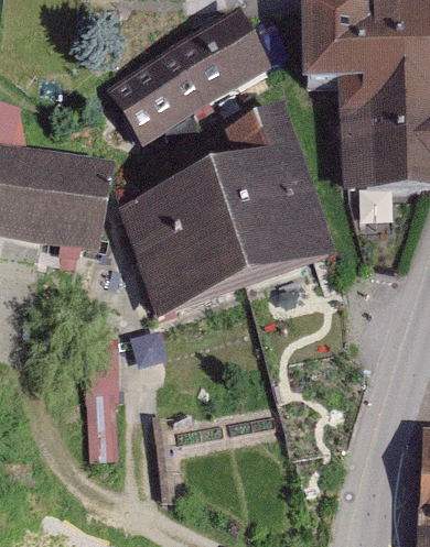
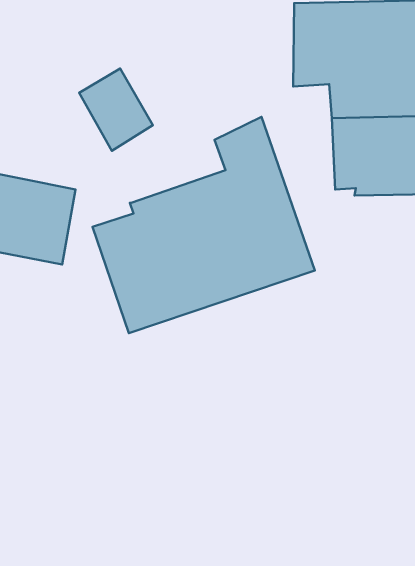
building: [147,15,262,117] -> none

